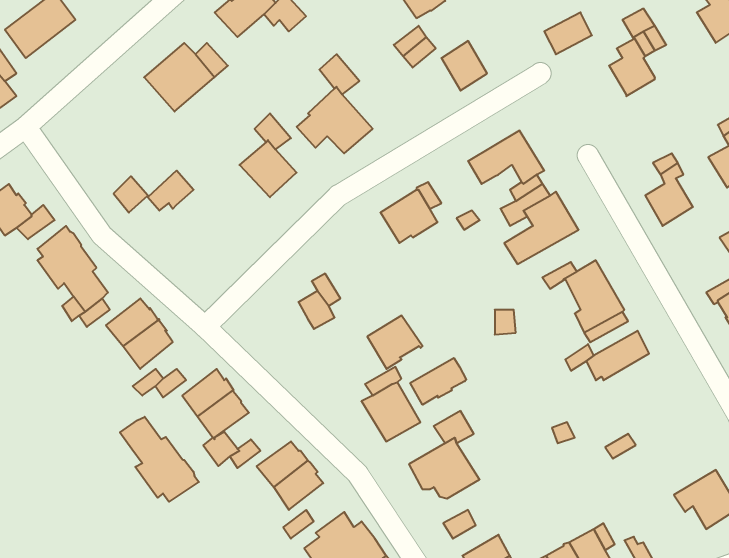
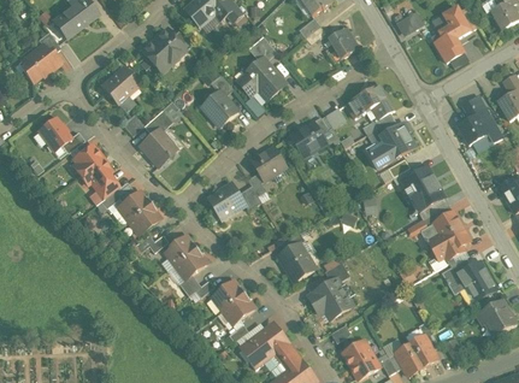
building: none -> [101,66,140,112]
building: none -> [140,130,176,166]
building: none -> [208,183,244,219]
building: [367,316,423,369] -> [252,147,287,181]
building: none -> [430,225,467,260]
building: [410,358,466,405] -> none
building: none -> [458,265,496,301]
building: [120,417,199,502] -> none

